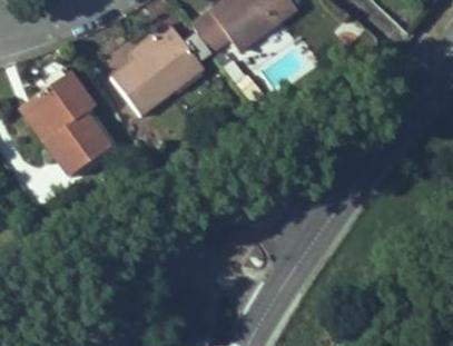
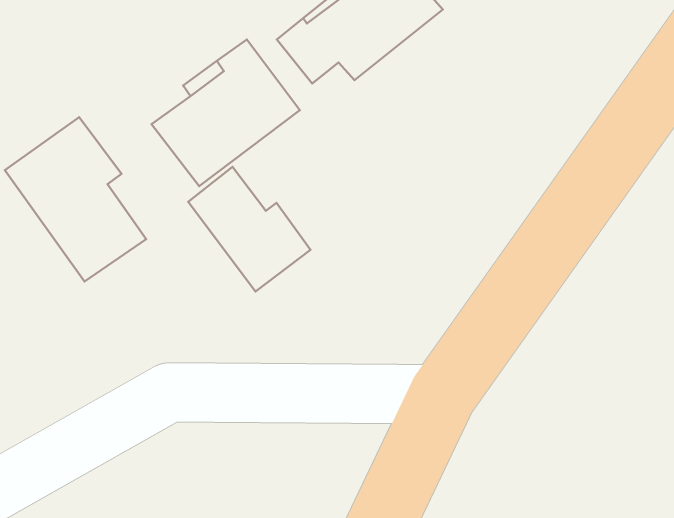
building: none -> [188,167,310,291]

